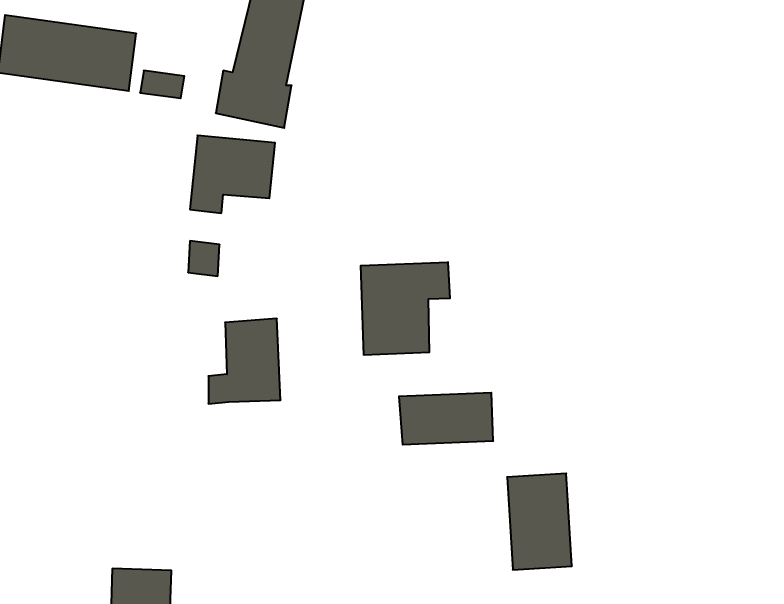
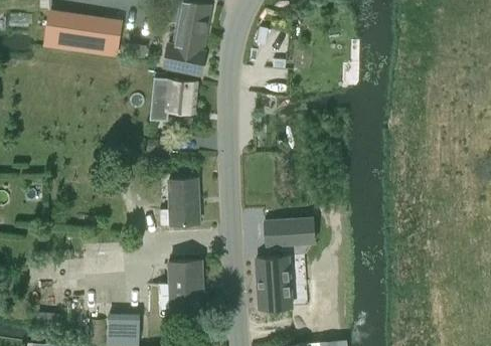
building: [361,262,450,355] -> none
building: none -> [169,261,204,311]
building: [507,473,572,570] -> [258,257,293,310]

